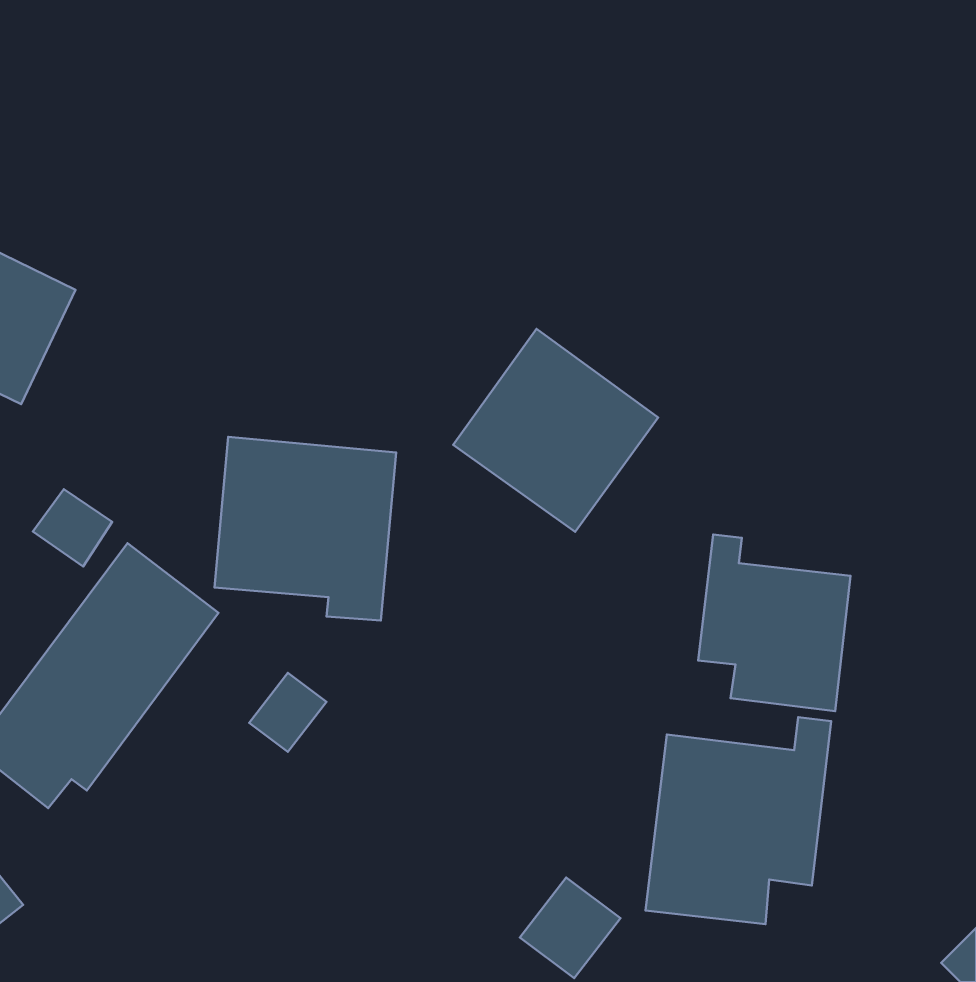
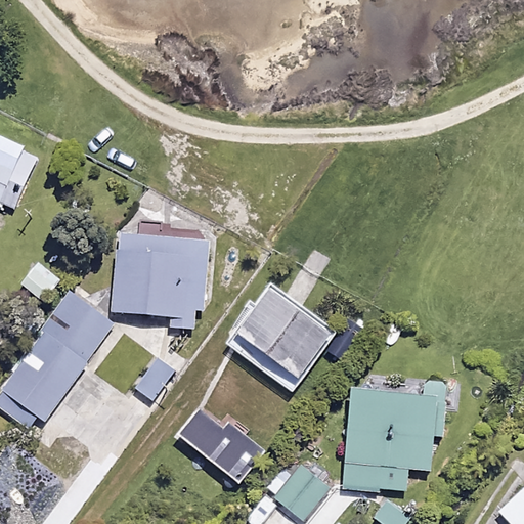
building: [453,329,658,532] -> [227,282,336,390]
building: [698,535,851,711] -> none
building: none -> [179,409,260,504]

